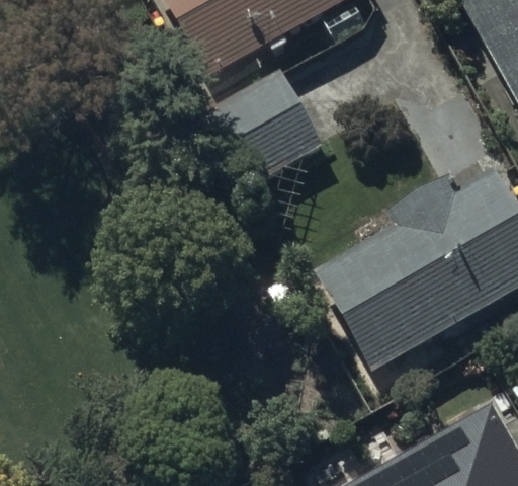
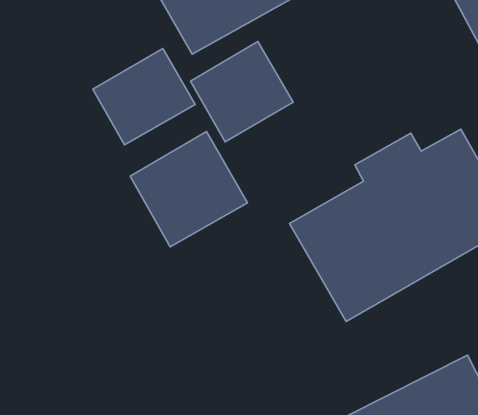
building: none -> [93,49,195,145]
building: none -> [130,132,248,247]

